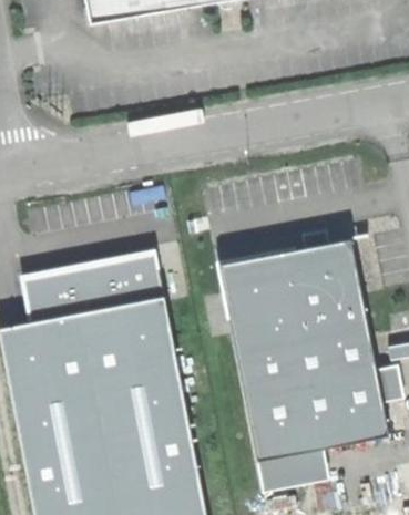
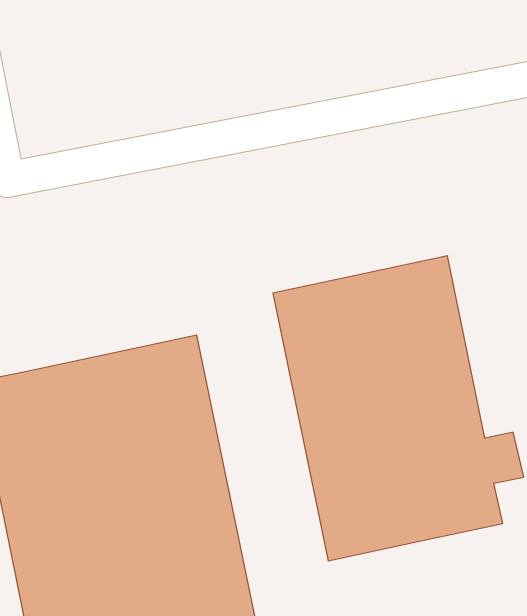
building: [21,247,160,317] -> none
building: [257,442,330,488] -> none

